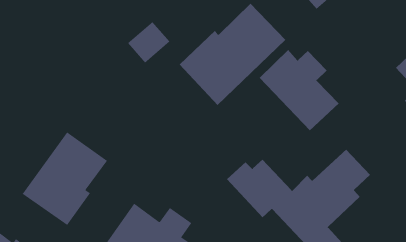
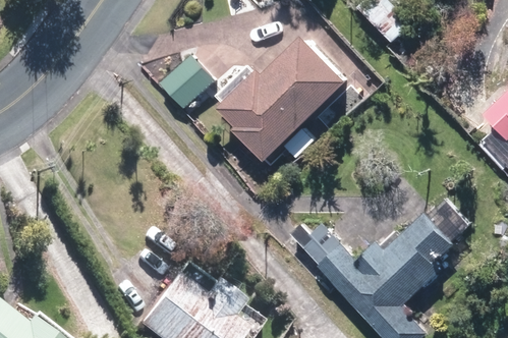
building: [259,49,339,131] -> none
building: [22,131,108,226] -> none

